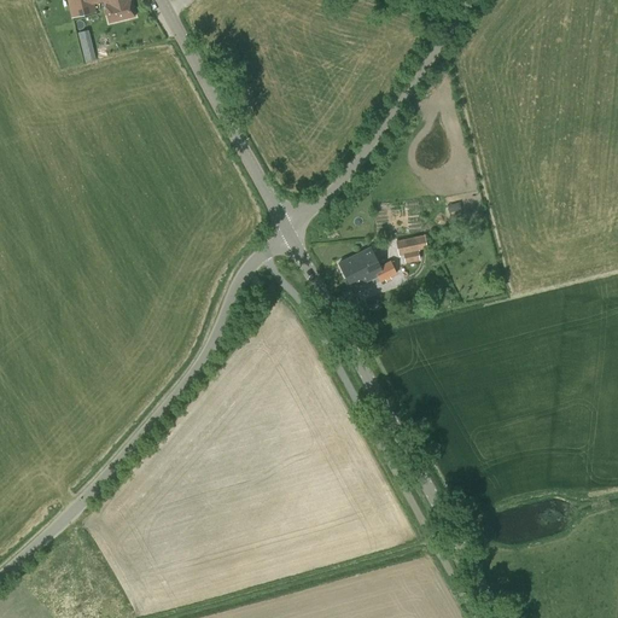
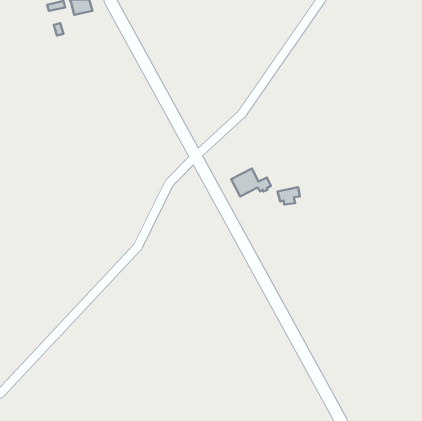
building: [395,234,427,260] -> [278,187,300,205]

